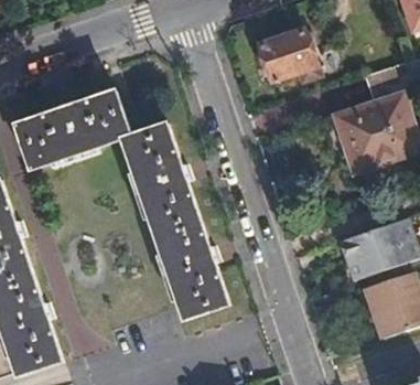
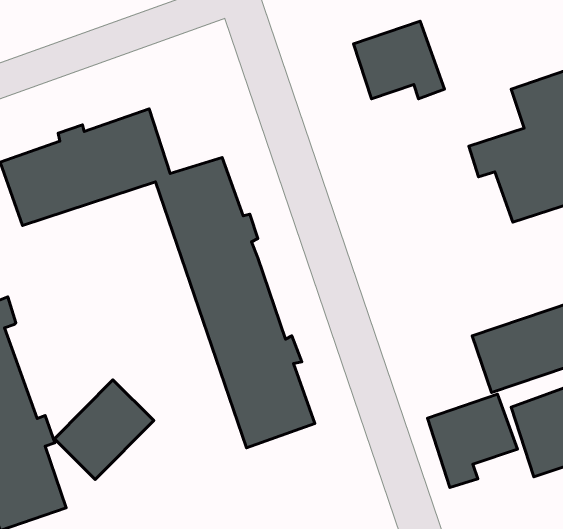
building: none -> [54,380,154,480]
building: none -> [427,394,517,488]

